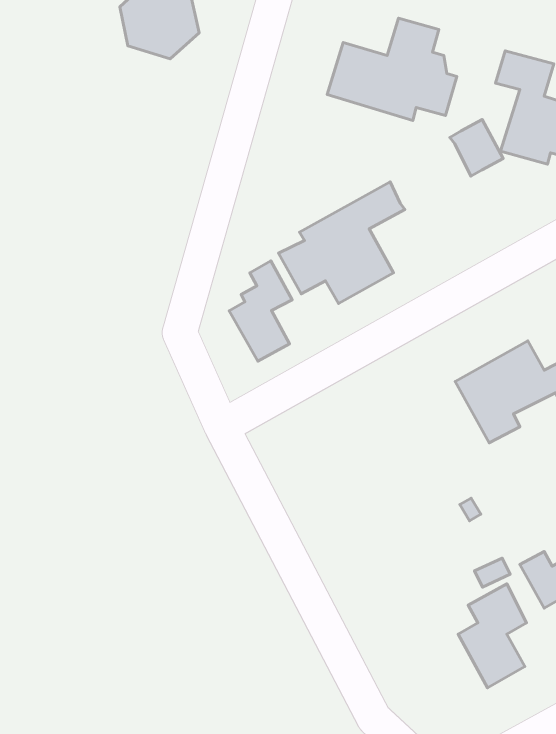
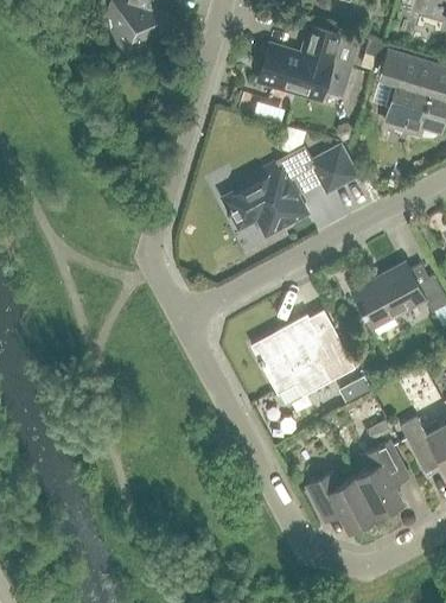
building: [450,120,503,176] -> [311,148,350,190]
building: [229,261,292,361] -> none
building: none -> [253,317,355,396]
building: none -> [305,471,375,531]

